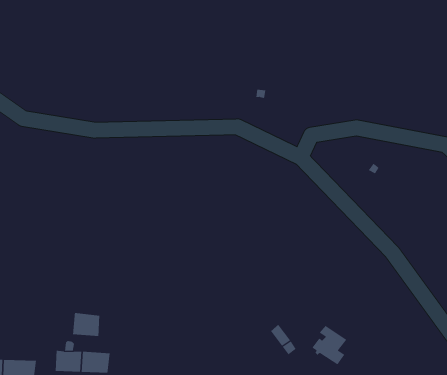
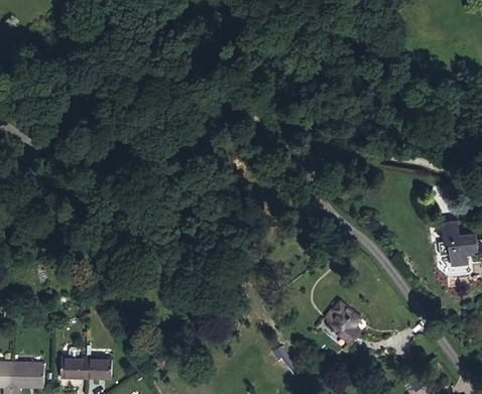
building: [72,312,100,337] -> none
building: [311,325,347,365] -> [328,298,362,337]

